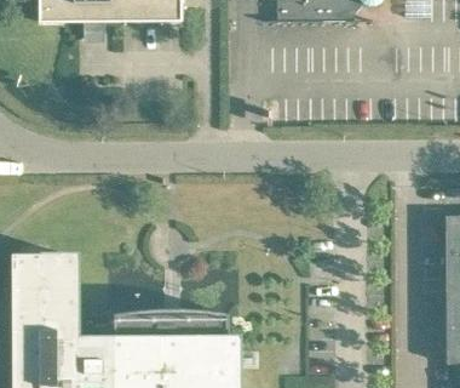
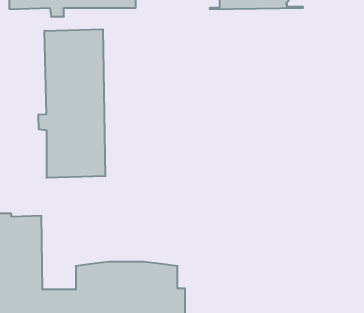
building: none -> [39,29,105,178]

